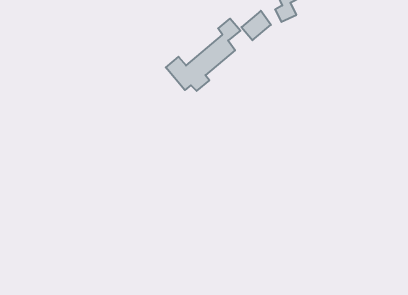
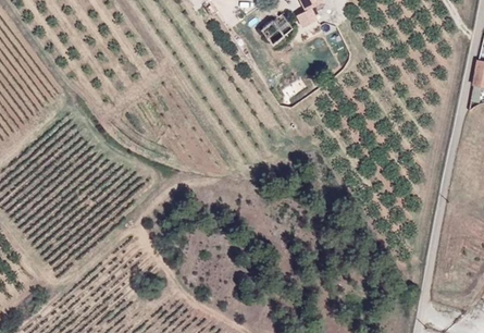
building: [166,19,240,91] -> none

